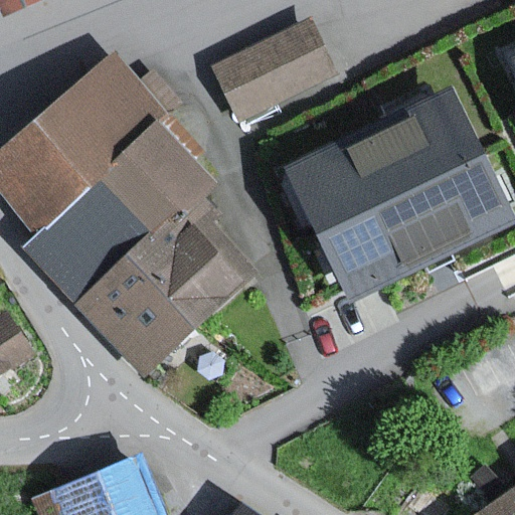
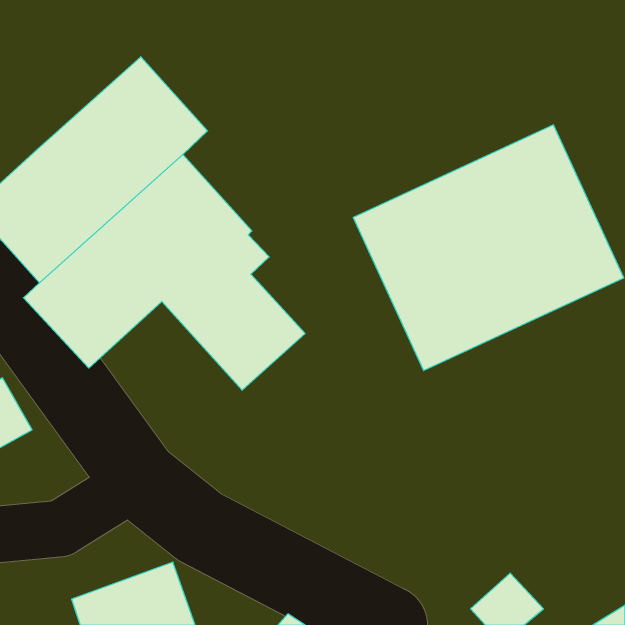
building: [214,20,331,115] -> none
building: [72,245,197,371] -> none

